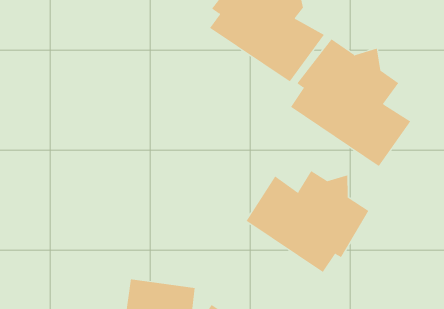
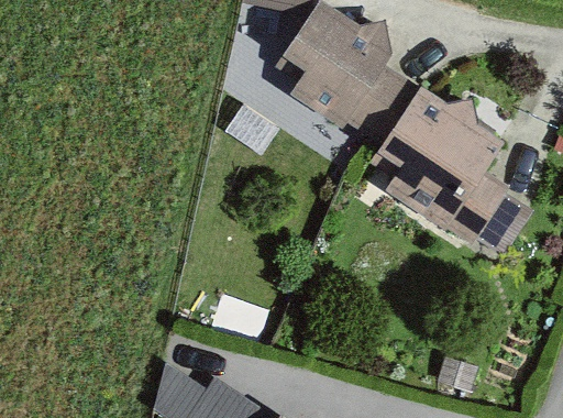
building: [246,170,369,273] -> none

